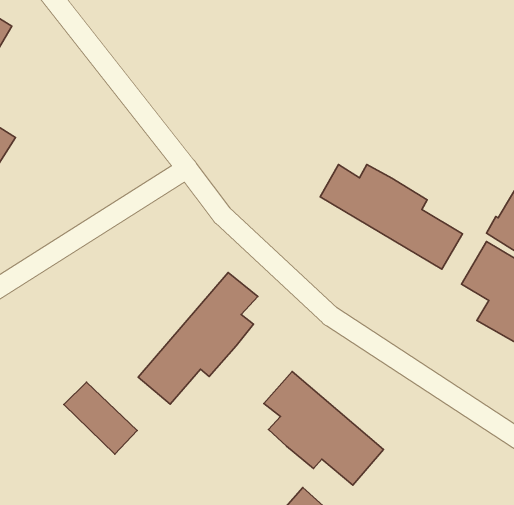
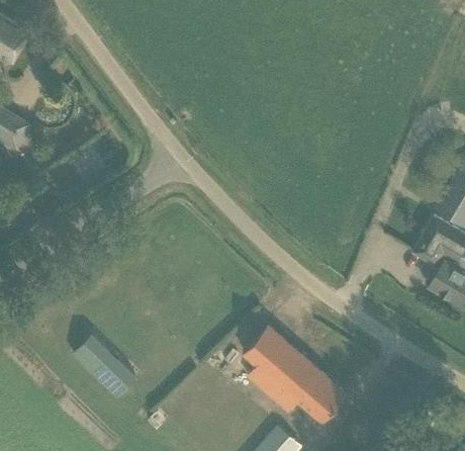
building: [320,164,463,269] -> none
building: [138,272,258,404] -> none

